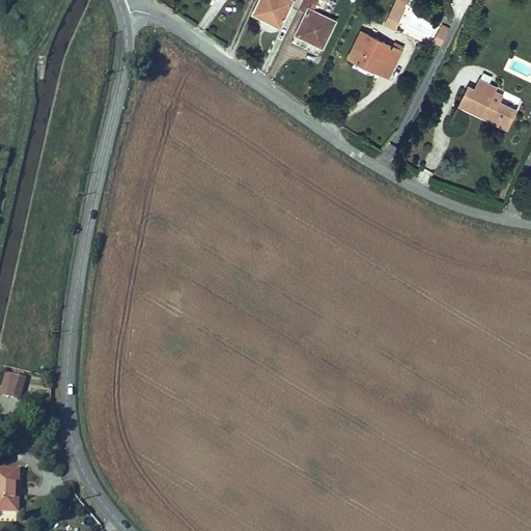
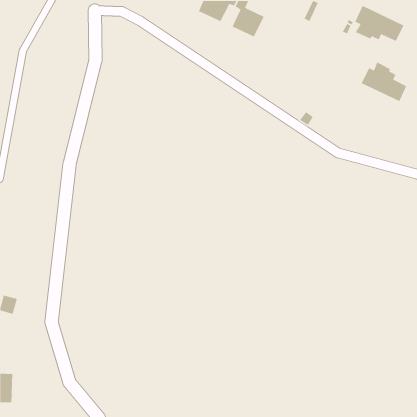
building: none -> [354,5,405,42]
building: [347,31,400,78] -> none

